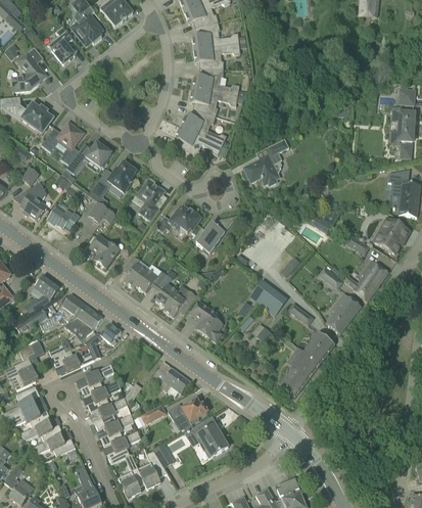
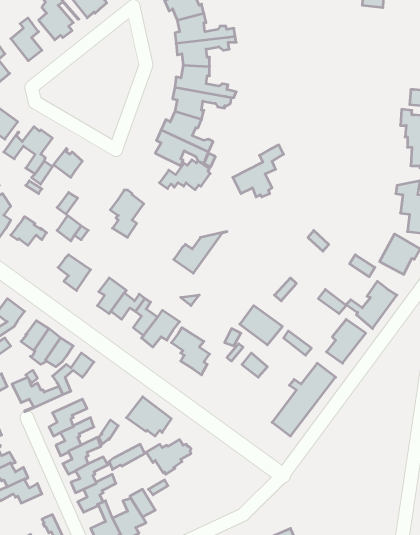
building: [106,160,136,192] -> none
building: [155,205,200,232] -> [159,160,210,190]
building: [190,421,228,456] -> none

